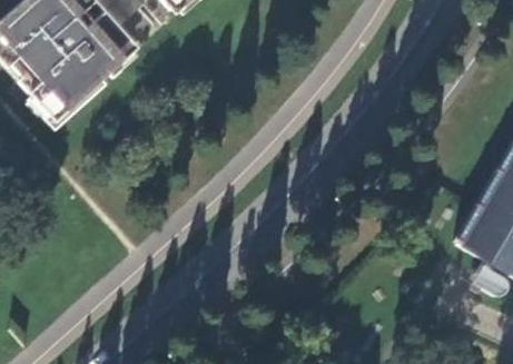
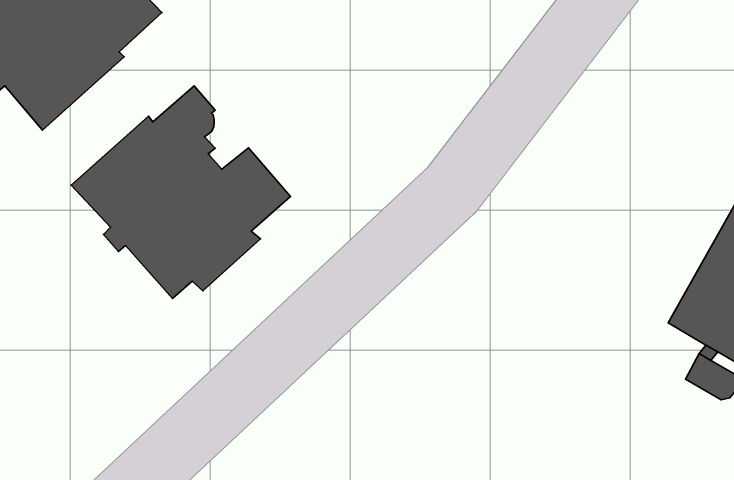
building: none -> [71,86,291,298]

